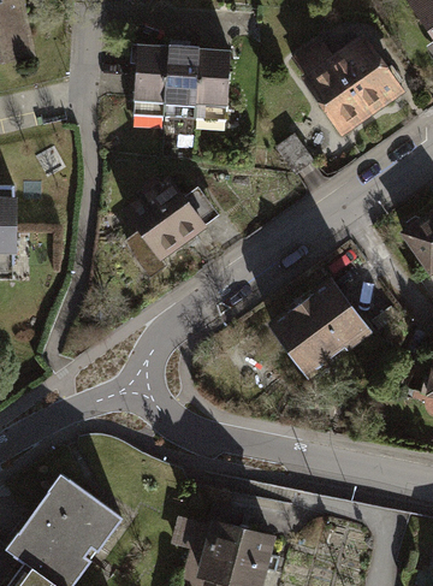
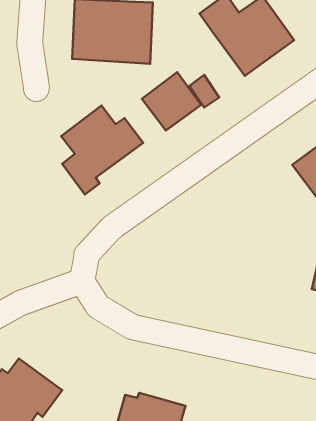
building: none -> [142,72,201,131]
building: [271,285,372,381] -> none

